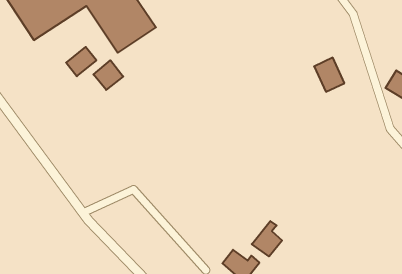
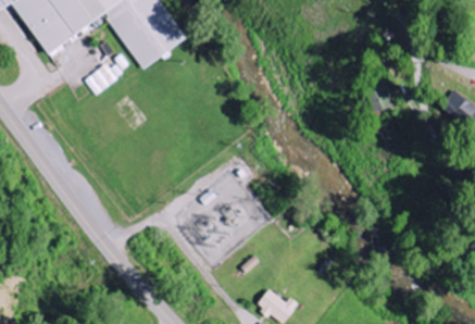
building: [93,60,123,90] -> none
building: [252,221,282,256] -> none

